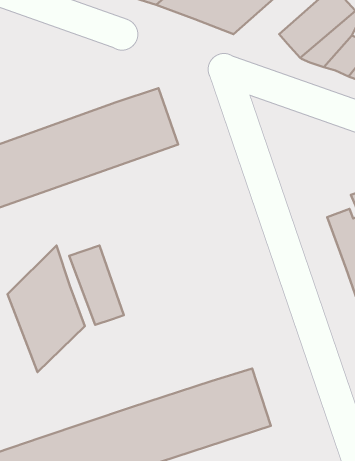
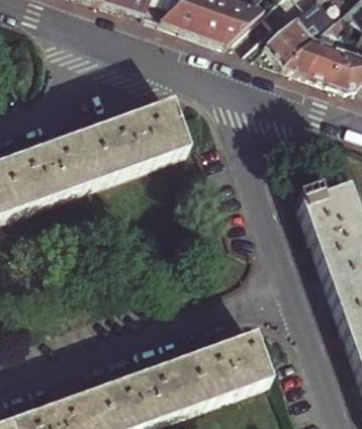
building: [69,245,124,325] -> none
building: [8,246,85,372] -> none

